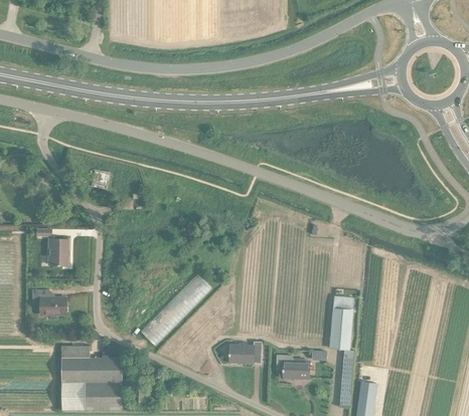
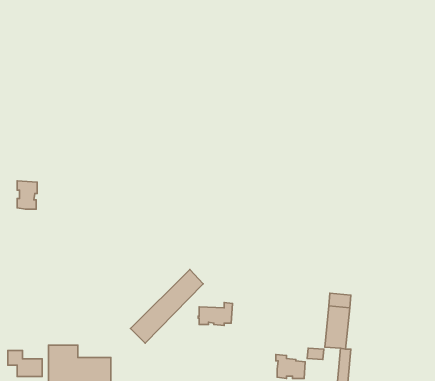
building: [49,238,68,265] -> [17,181,37,209]
building: [32,289,65,315] -> [8,351,42,377]
building: [228,341,262,363] -> [198,303,232,325]

